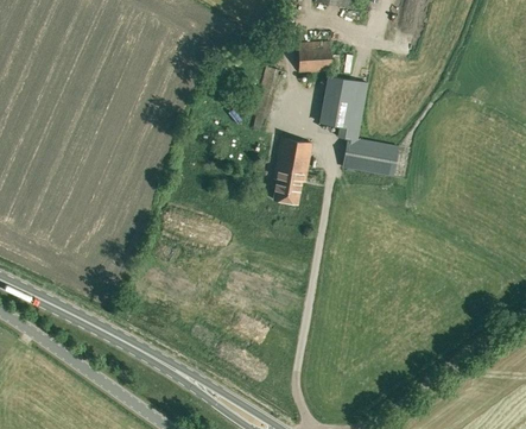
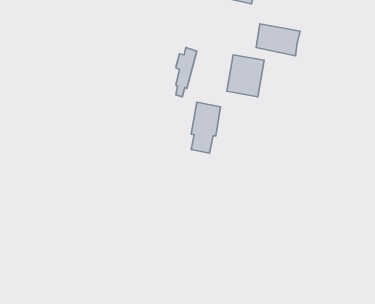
building: [298,42,330,74] -> none
building: [342,137,399,178] -> [256,24,300,56]

